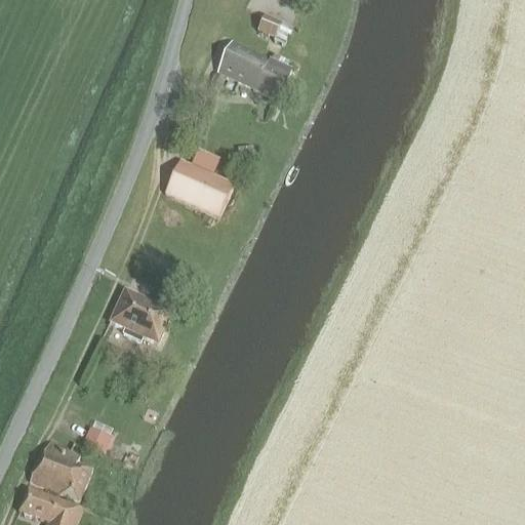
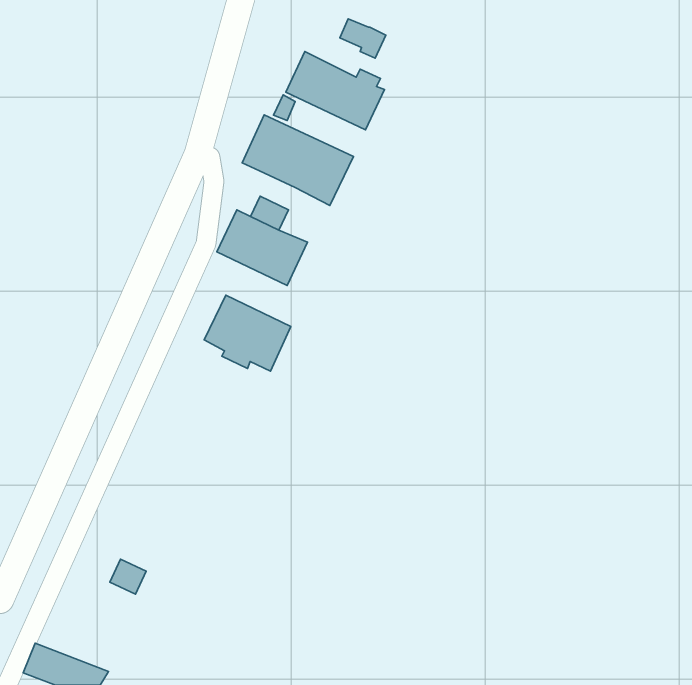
building: none -> [242,115,353,205]
building: [108,286,173,344] -> [204,295,291,371]
building: [29,440,93,499] -> none

